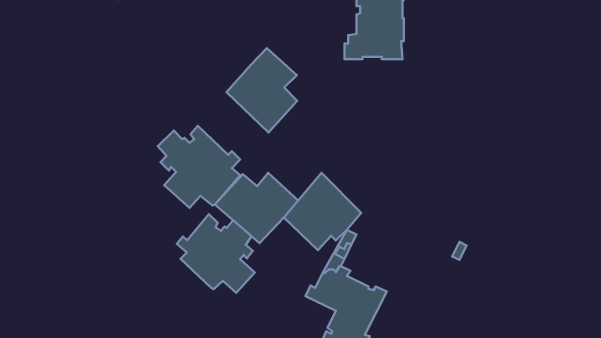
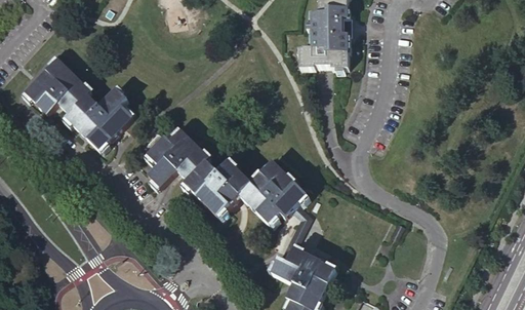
building: none -> [19,54,133,151]
building: [227,48,297,132] -> none
building: [177,214,255,293] -> none

